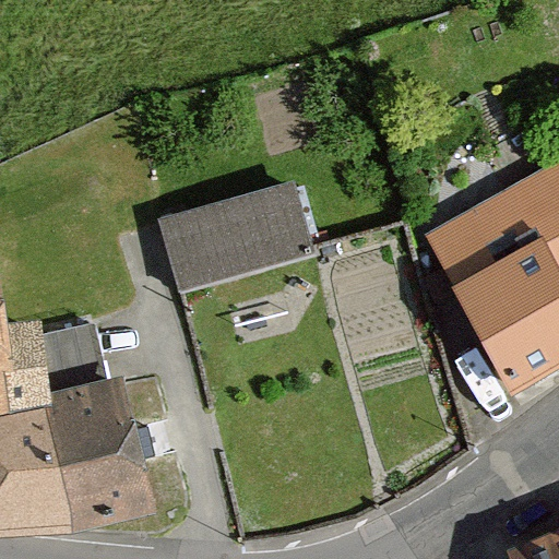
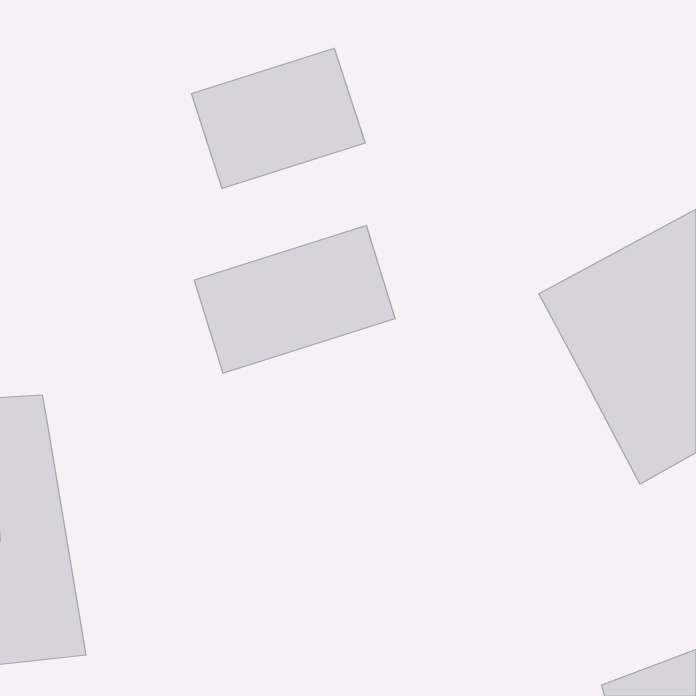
building: none -> [191,48,365,189]
building: [37,322,152,523] -> none

